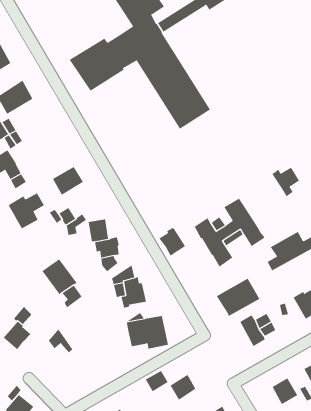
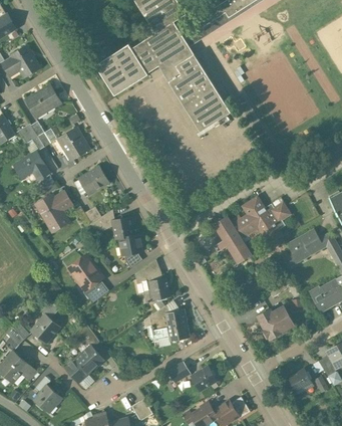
building: none -> [57,128,89,161]
building: [271,167,300,197] -> [264,201,291,230]
building: [159,227,186,257] -> none
building: [216,278,260,317] -> none
building: none -> [65,346,103,382]

